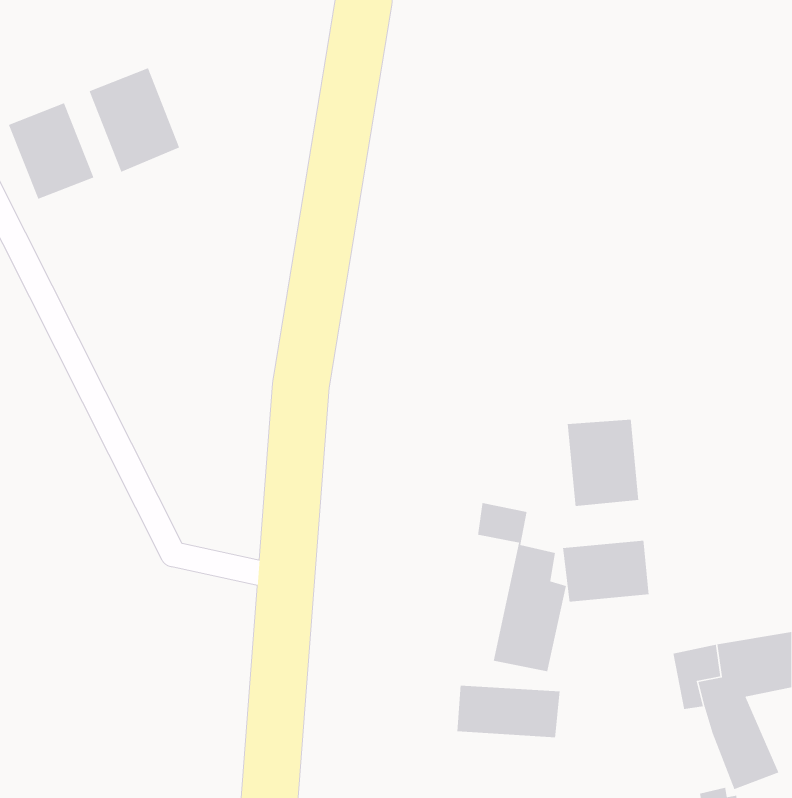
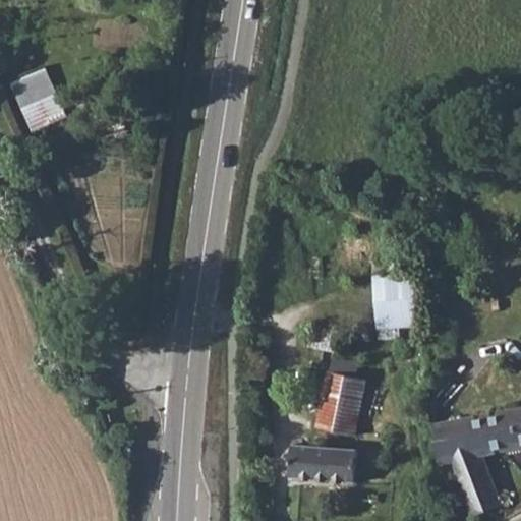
building: [88,67,180,173] -> none
building: [562,540,650,603] -> none

